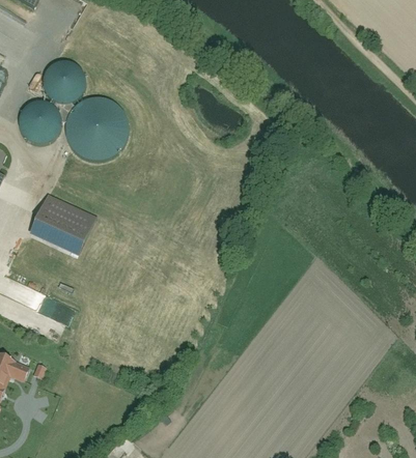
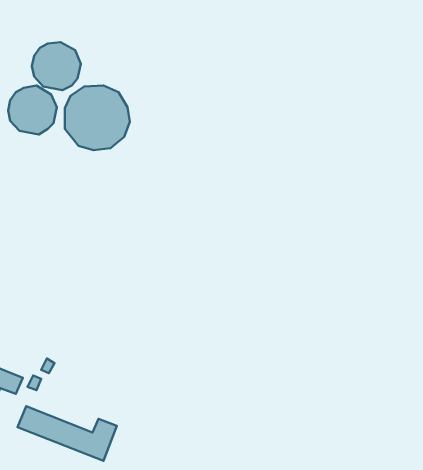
building: [30,192,96,255] -> none
building: none -> [18,406,117,461]

